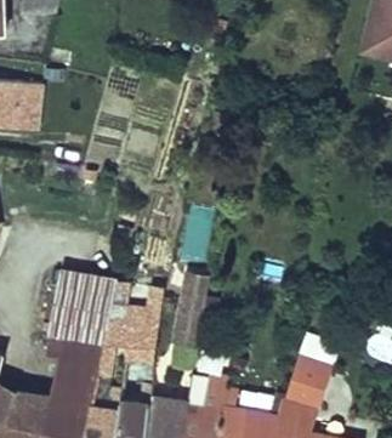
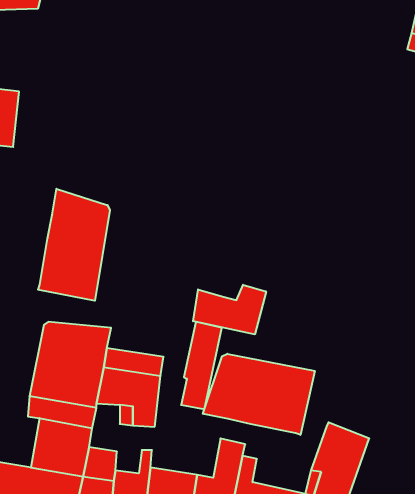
building: none -> [38,189,110,301]
building: none -> [193,285,266,334]
building: none -> [203,354,315,435]

